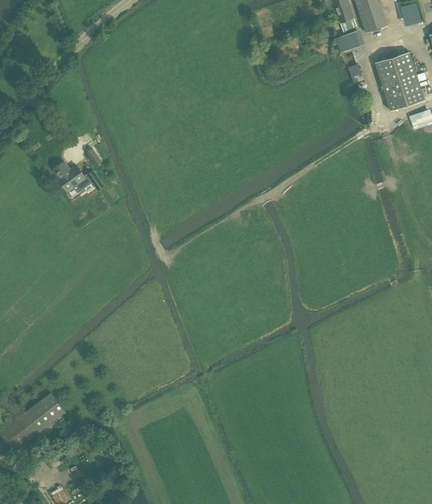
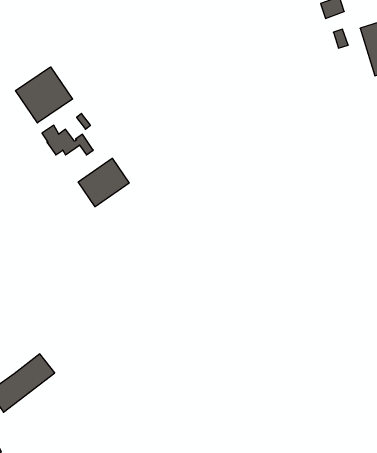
building: none -> [16,67,73,123]
building: none -> [78,158,129,207]

